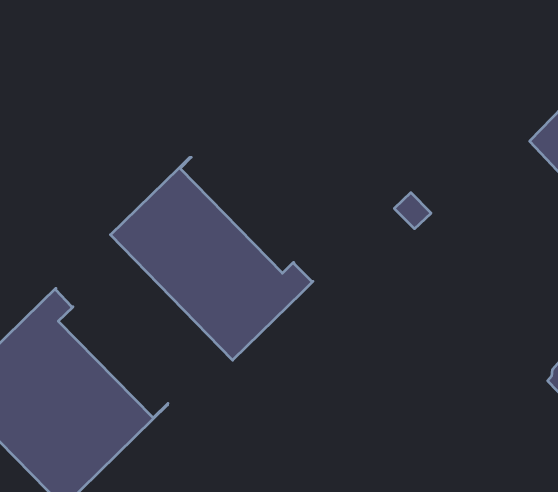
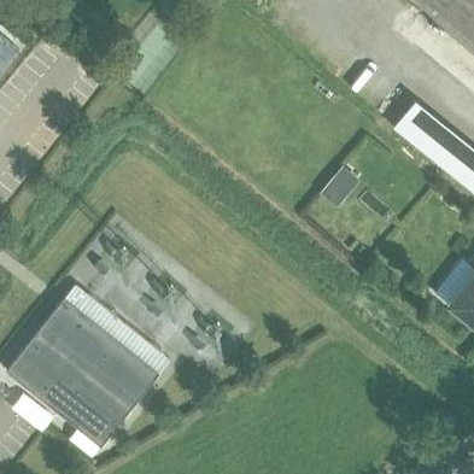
building: [110,157,313,360] -> none

